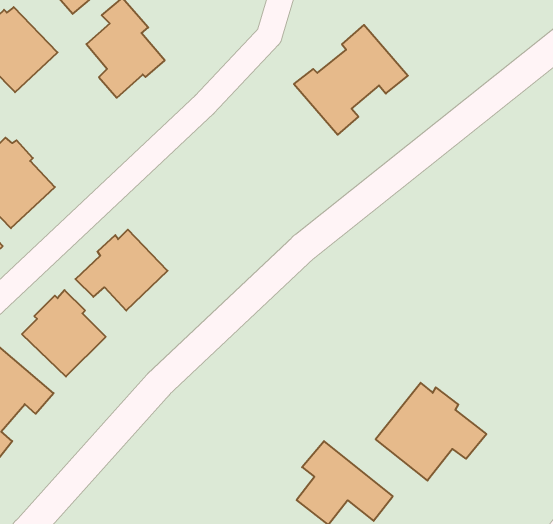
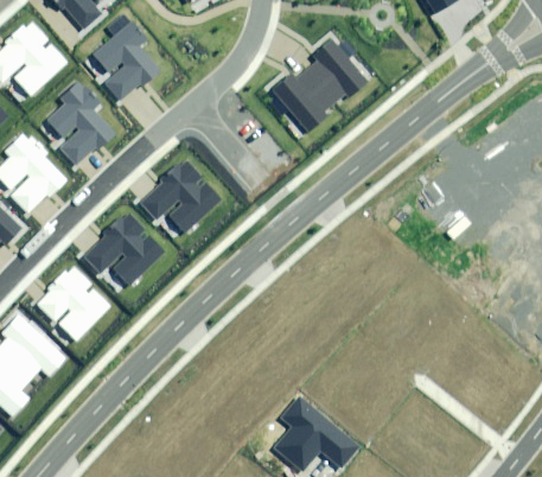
building: none -> [46,82,115,161]
building: none -> [140,161,219,229]
building: [376,383,486,481] -> none

